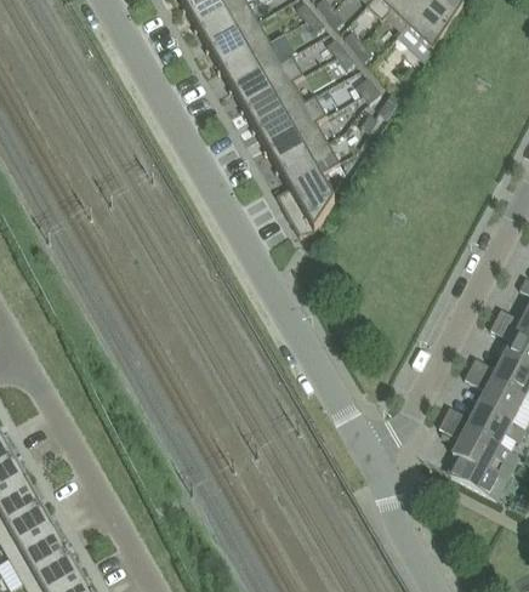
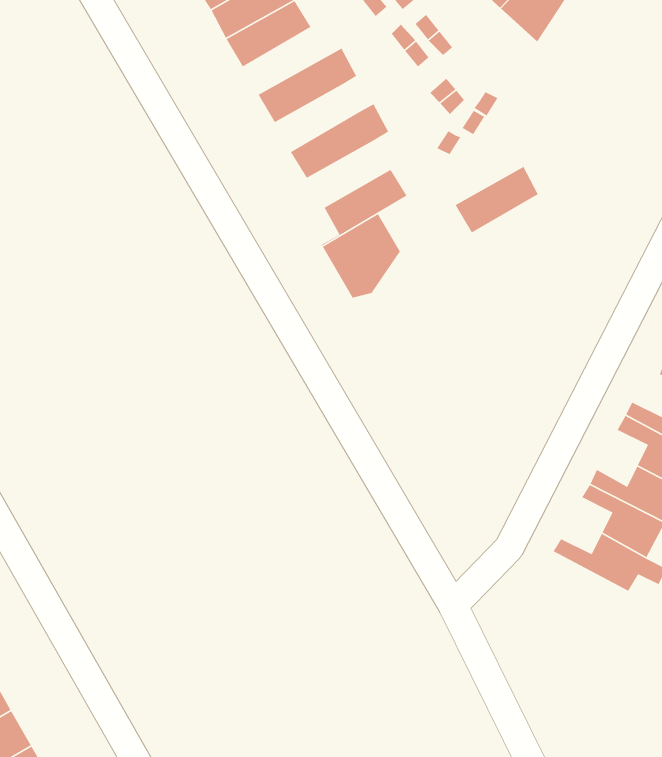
building: [221,39,281,87] -> none
building: [244,80,305,129] -> none
building: [267,120,328,169] -> [455,166,539,233]
building: [439,416,511,497] -> none

